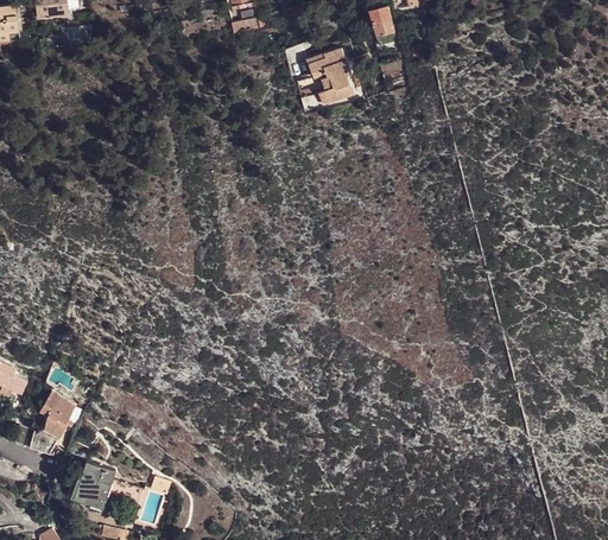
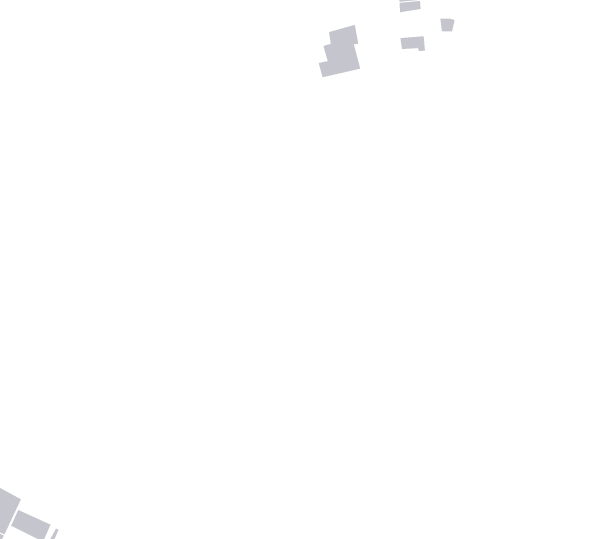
building: [304,47,343,80] -> none

